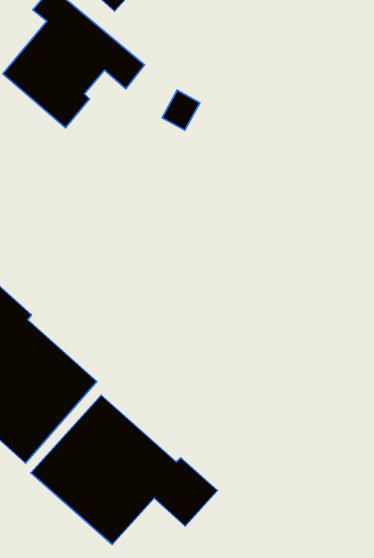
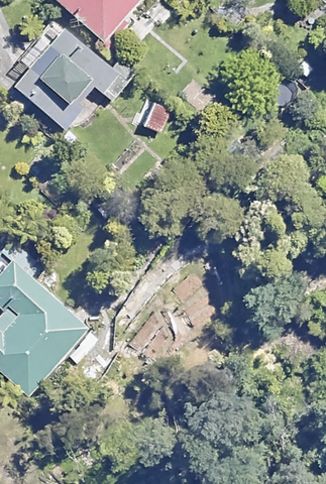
building: [31,395,218,545] -> none

